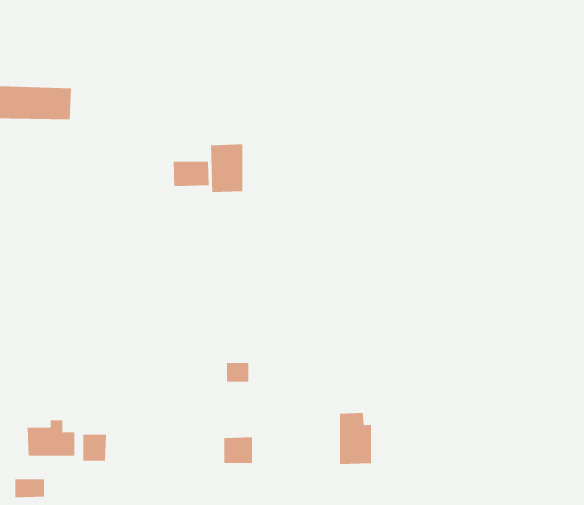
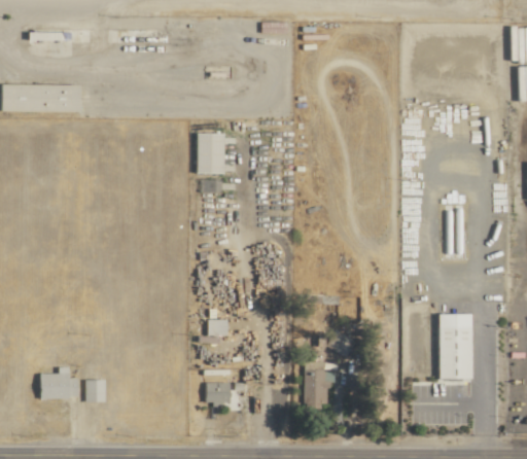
building: [173,161,209,187] -> none
building: none -> [436,313,471,379]
building: [15,478,45,498] -> none

